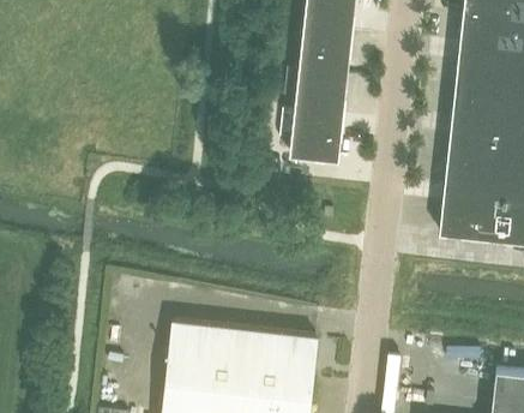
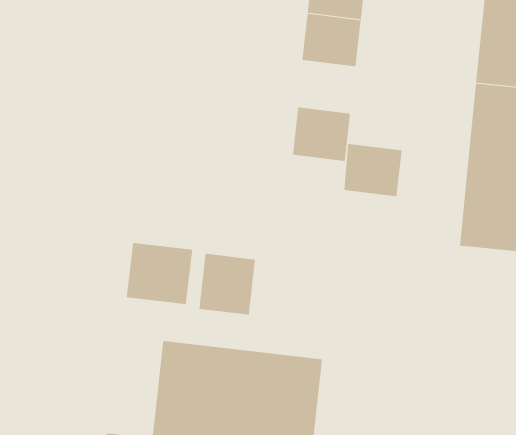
building: [294,71,347,119] -> [344,143,402,197]
building: none -> [126,242,193,305]
building: none -> [199,253,256,316]

